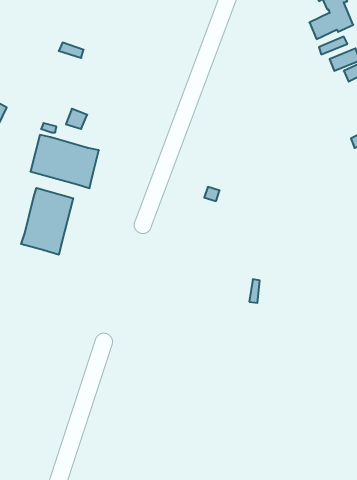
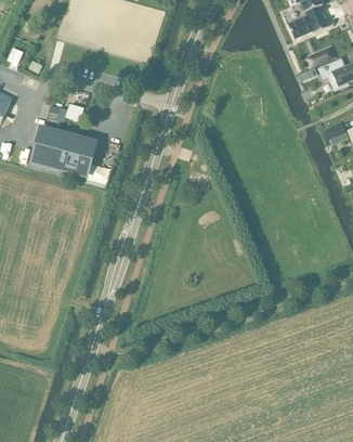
building: [21,188,73,255] -> none

